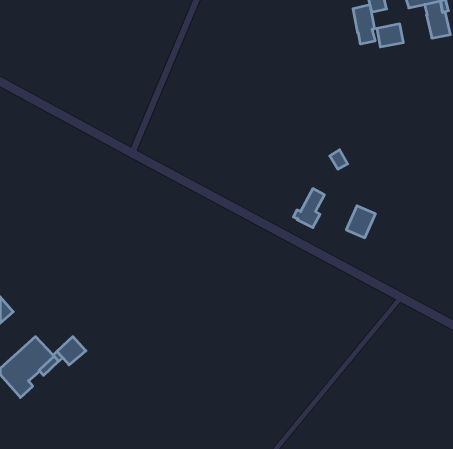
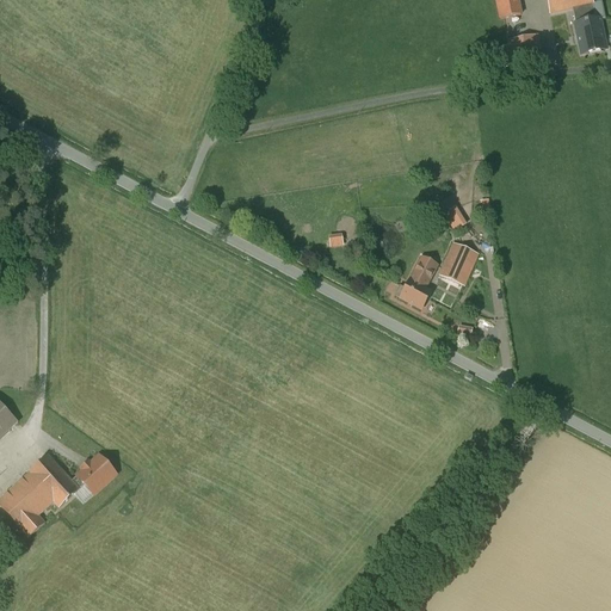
building: [353,5,375,44] -> none
building: [346,206,375,238] -> [439,240,479,283]

